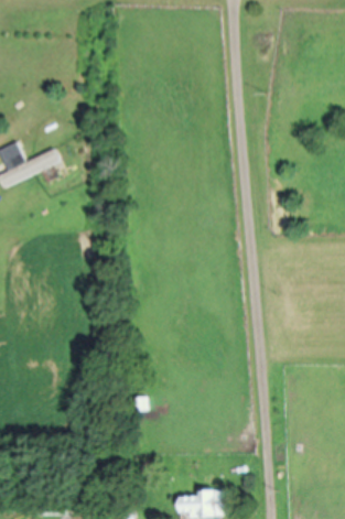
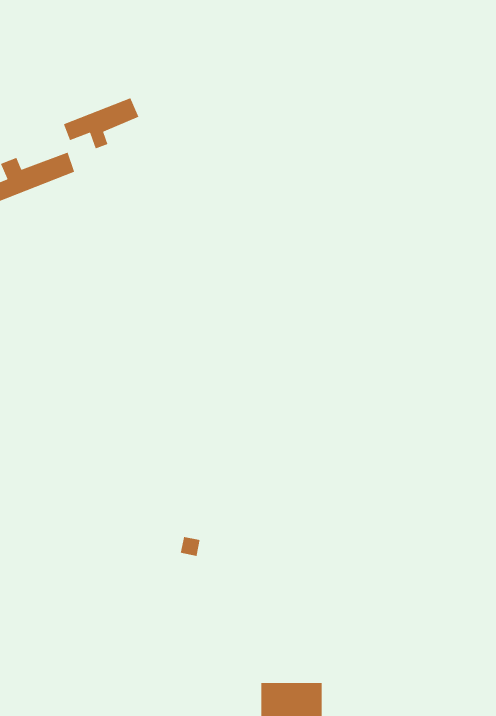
building: none -> [63,97,139,149]

